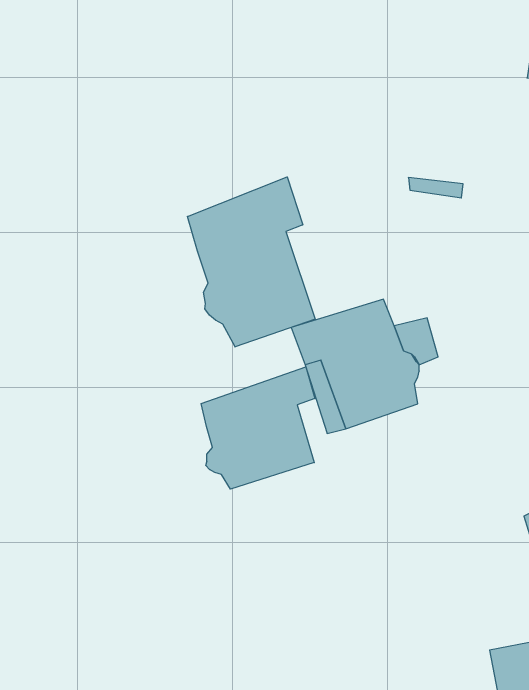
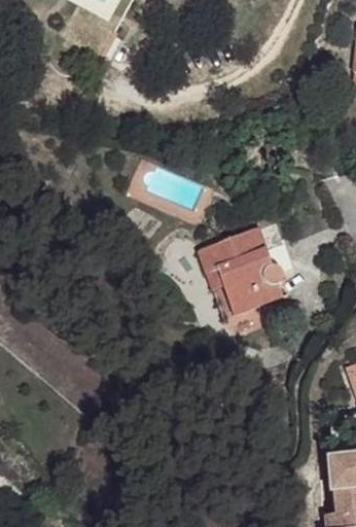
building: [187,177,315,347] -> none
building: [201,367,315,489] -> none

